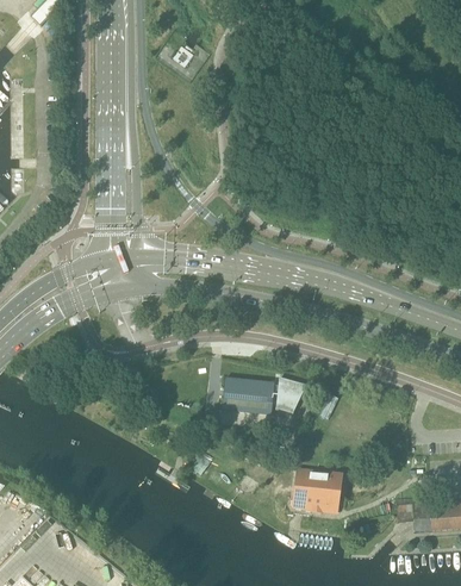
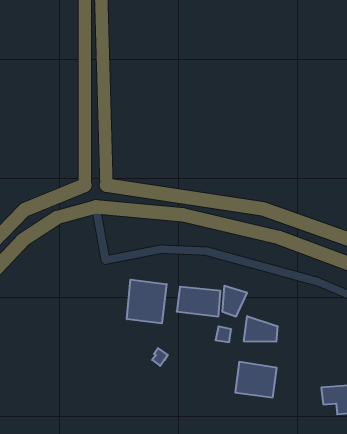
building: none -> [127,280,167,323]
building: none -> [244,316,277,342]

